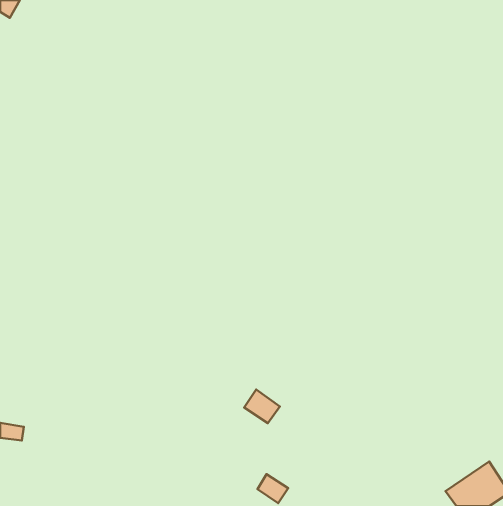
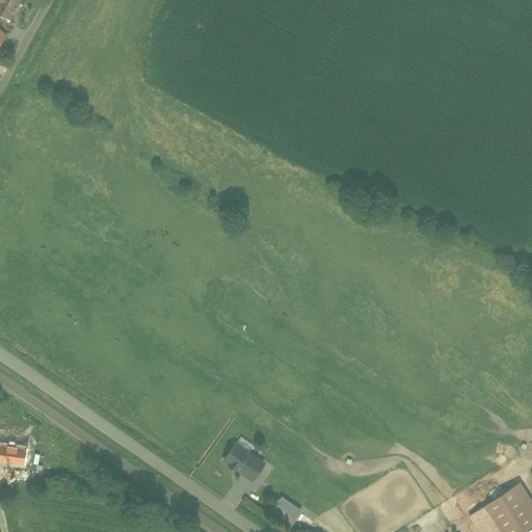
building: [244,390,280,423] -> [225,445,263,480]

